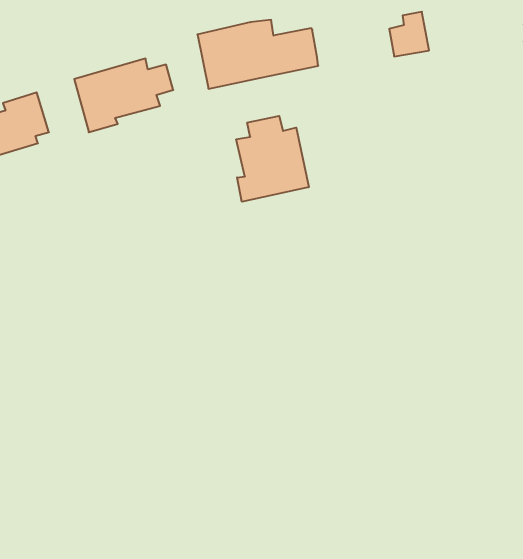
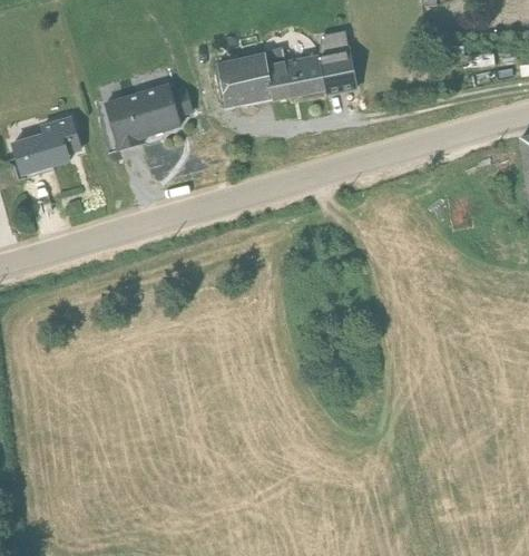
building: [389,12,429,56] -> [323,40,360,81]
building: [236,116,309,202] -> none

